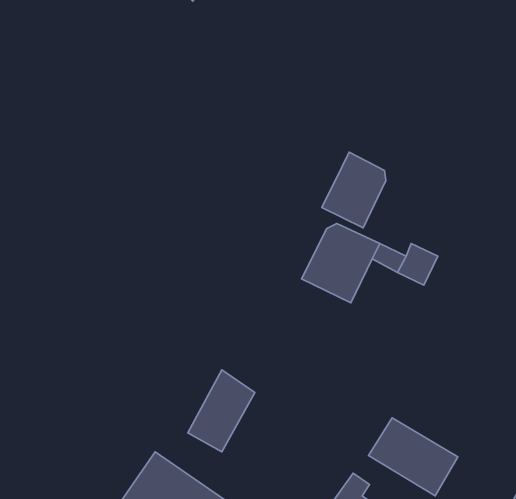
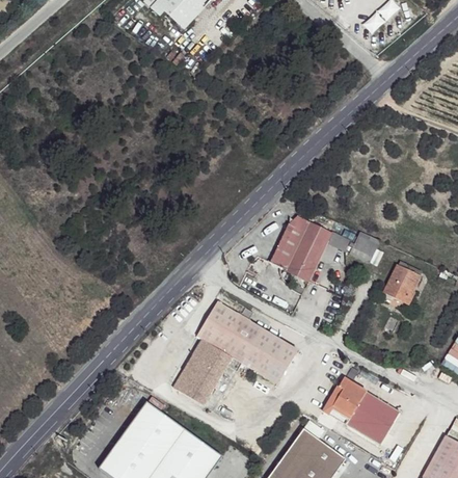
building: [322,152,386,228] -> none
building: none -> [381,262,419,299]
building: none -> [195,298,294,379]

